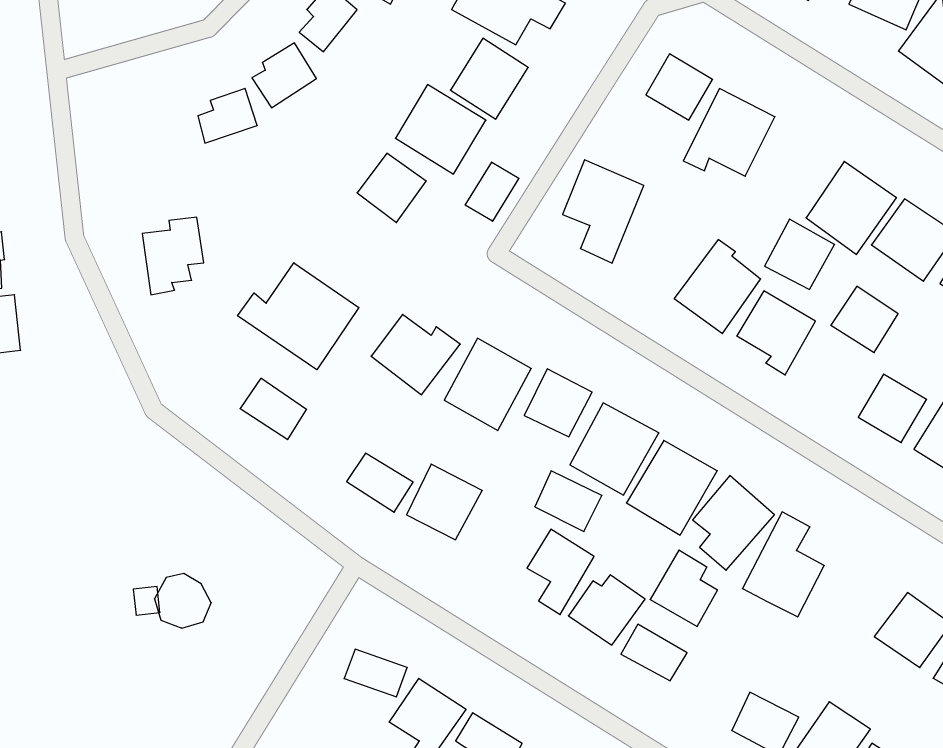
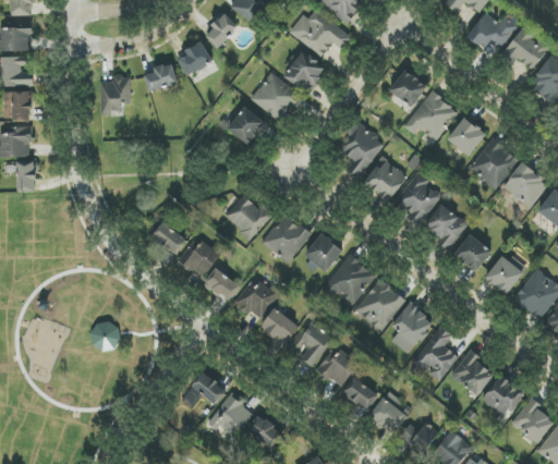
building: [465,162,519,221] -> none
building: [142,217,204,295] -> [99,76,131,115]
building: [765,219,835,289] -> [447,117,486,156]
building: none -> [363,158,407,202]
building: [238,263,359,370] -> none
building: [831,286,898,353] -> [454,234,492,271]
building: none -> [180,240,220,279]
building: [535,471,602,532] -> [262,308,299,343]
building: [650,550,717,626] -> [369,391,407,434]
building: none -> [450,350,494,396]

